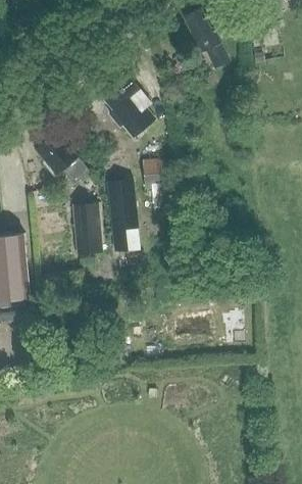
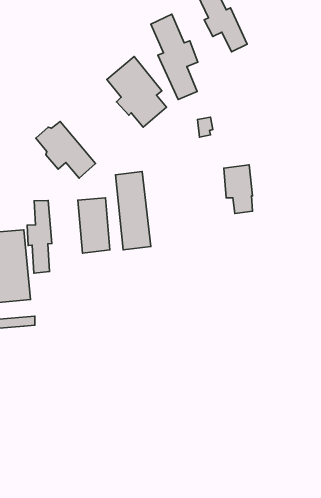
building: none -> [151,14,198,99]
building: [143,158,169,203] -> [224,165,253,213]
building: none -> [27,200,52,273]

